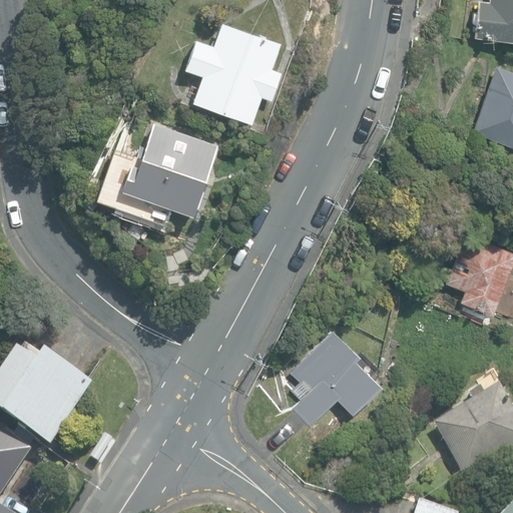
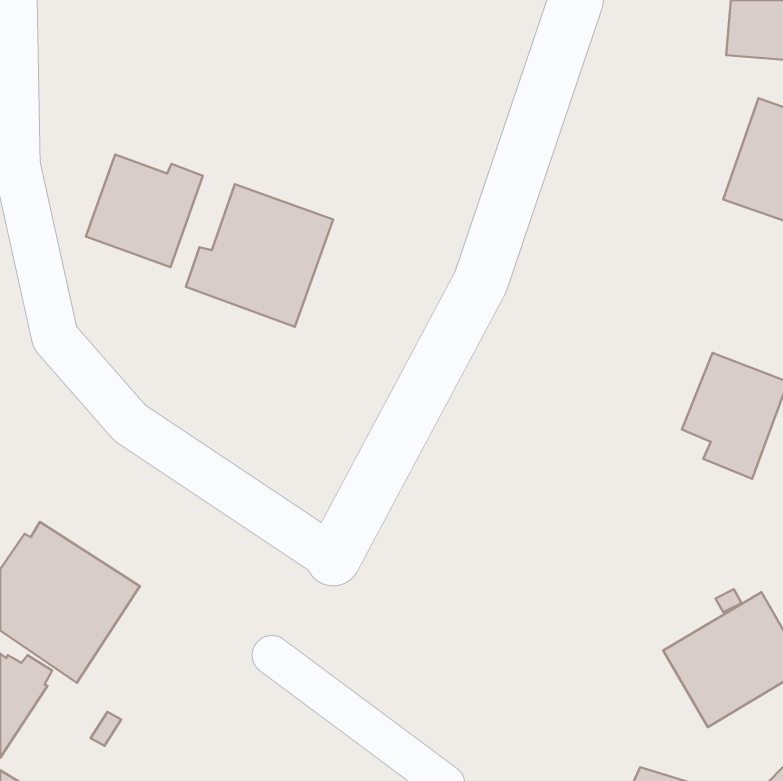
building: [185,22,282,125] -> none
building: none -> [86,154,203,267]
building: [291,329,381,425] -> none

